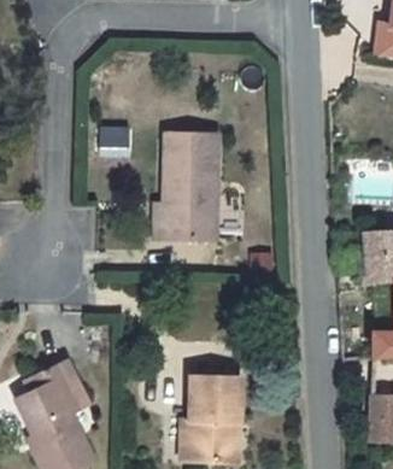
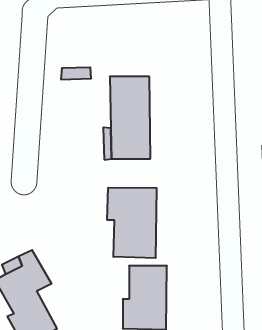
building: none -> [107,188,157,258]

